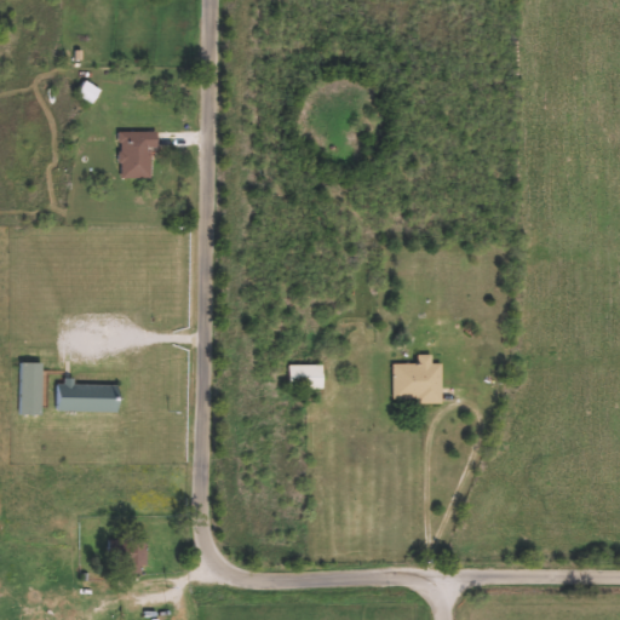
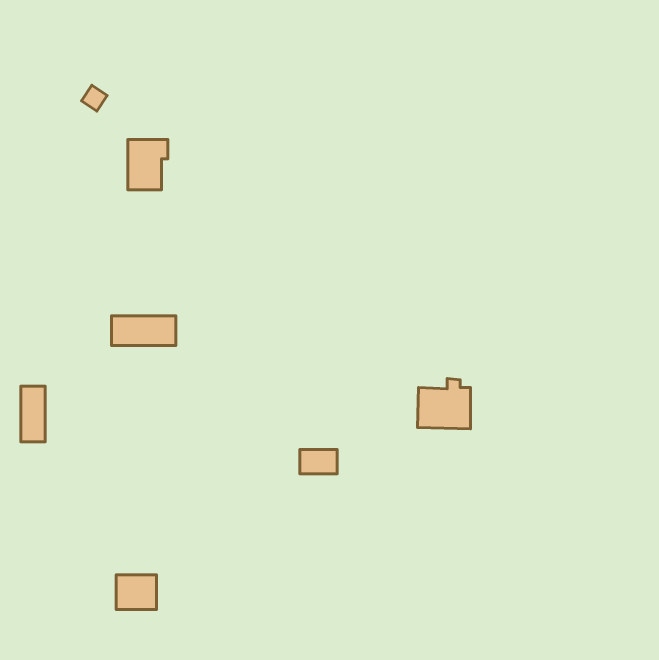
building: [288,364,323,388] -> [300,449,337,474]
building: [58,383,119,411] -> [111,316,176,346]

